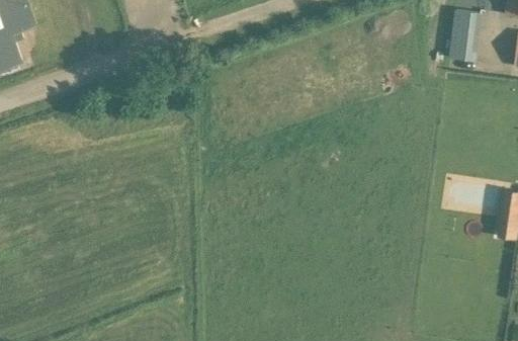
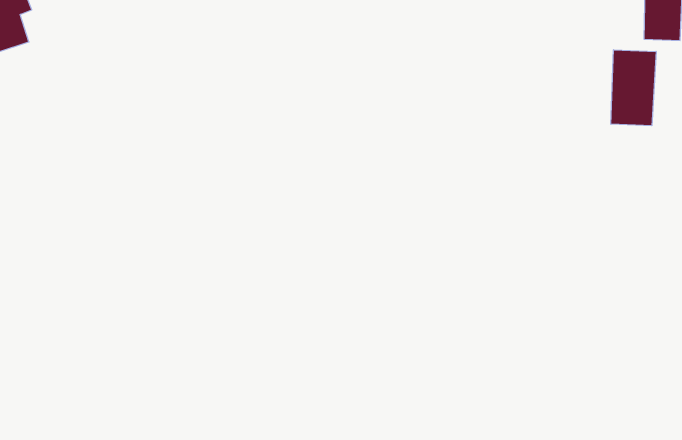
building: none -> [611,50,656,126]

